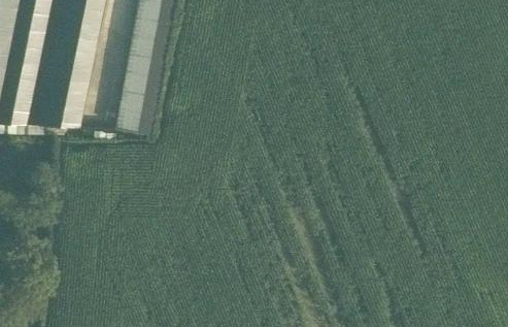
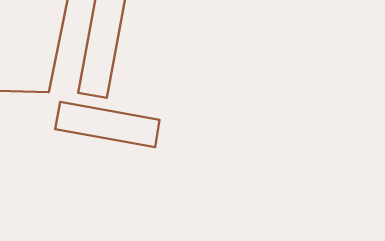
building: none -> [55,102,159,147]

